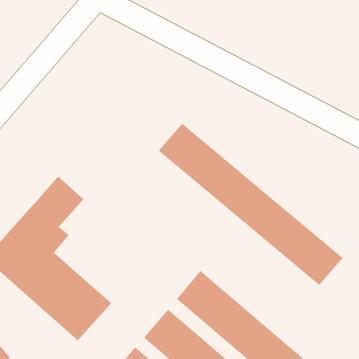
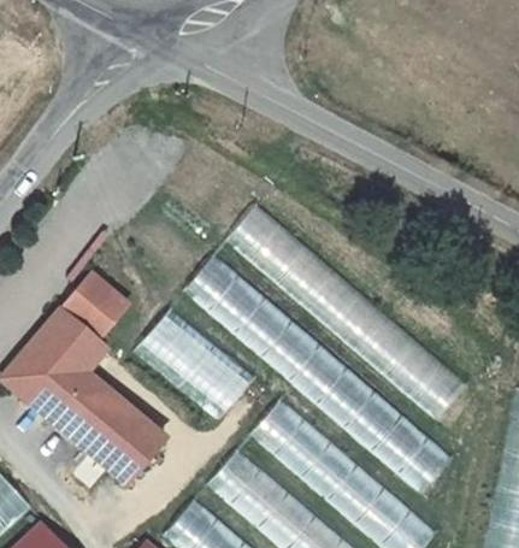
building: none -> [182,253,453,491]
building: none -> [136,308,252,419]

